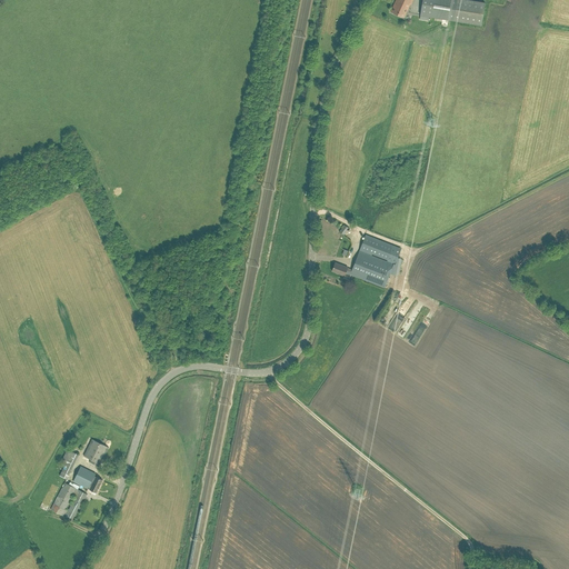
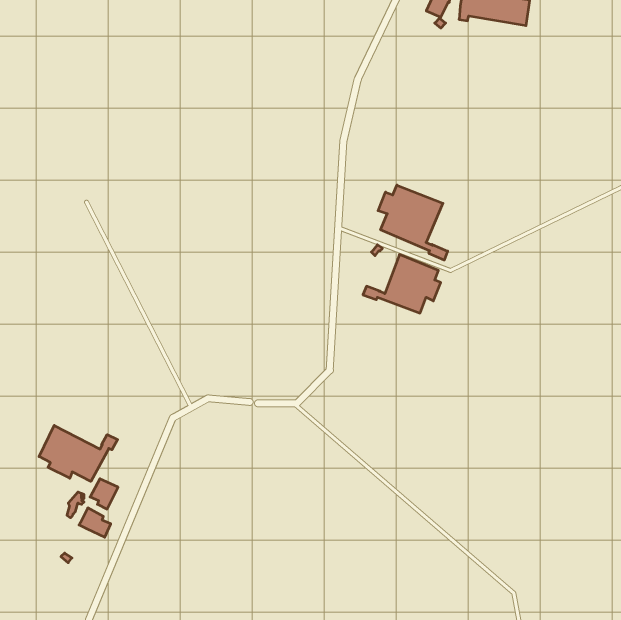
building: none -> [378,185,448,260]
building: none -> [39,425,118,481]

